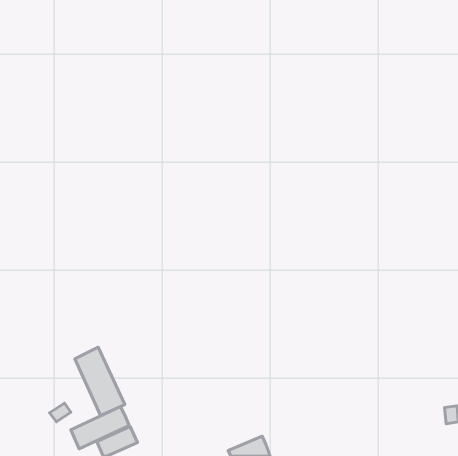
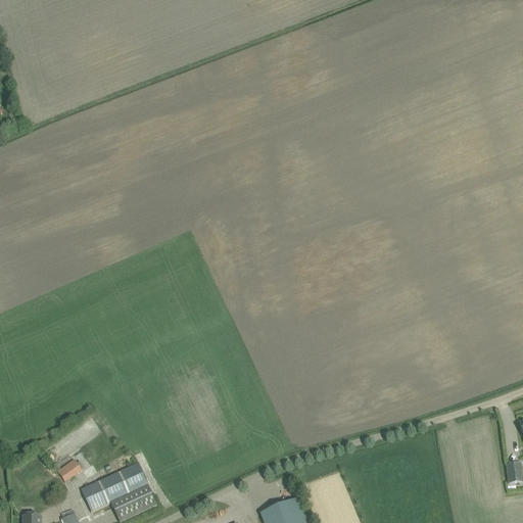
building: [75,347,125,415] -> none

